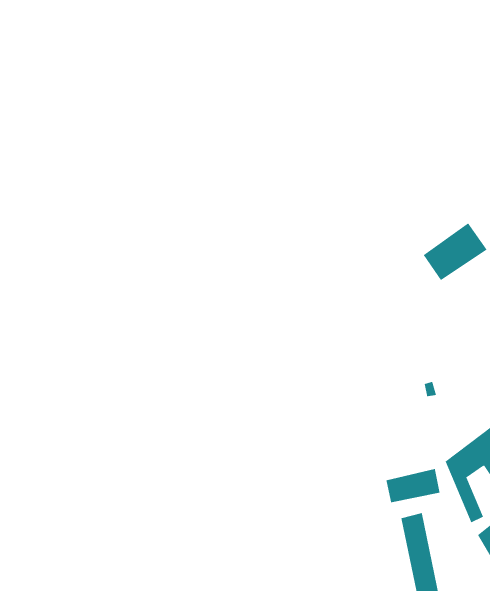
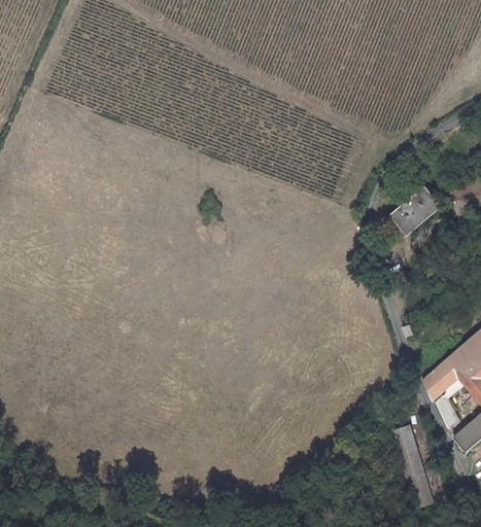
building: [386,468,440,503] -> none

